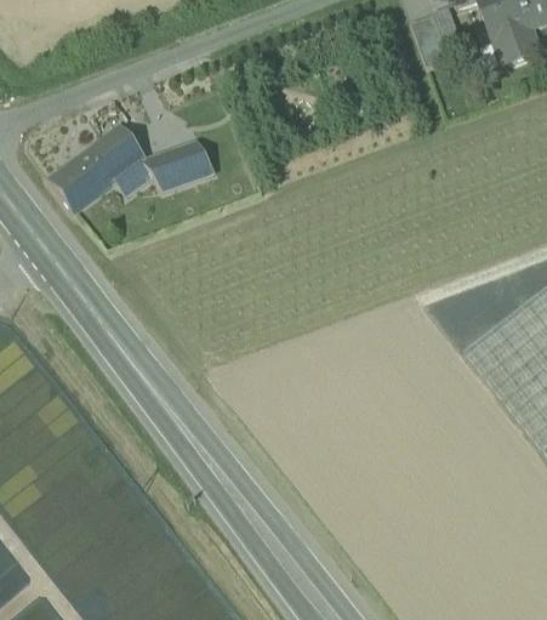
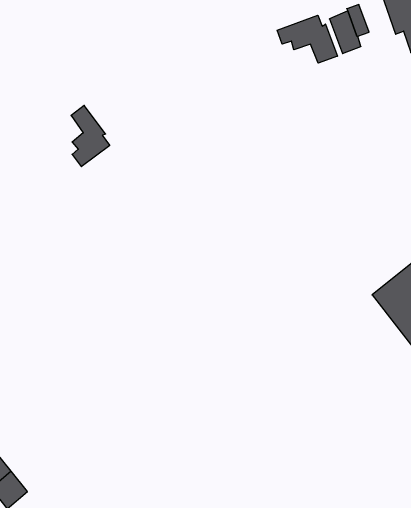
building: none -> [277,15,337,63]
building: [49,138,119,209] -> none
building: [142,144,210,188] -> none

